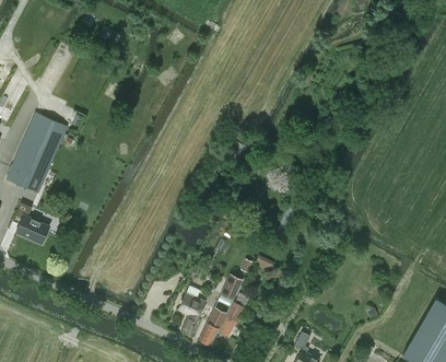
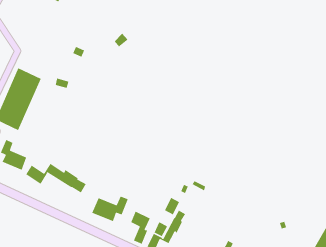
building: none -> [25,163,87,193]
building: none -> [91,196,129,222]

